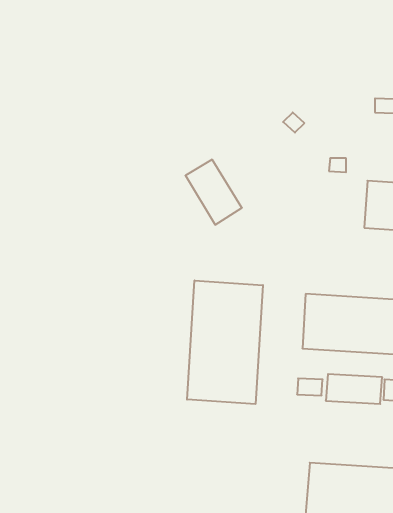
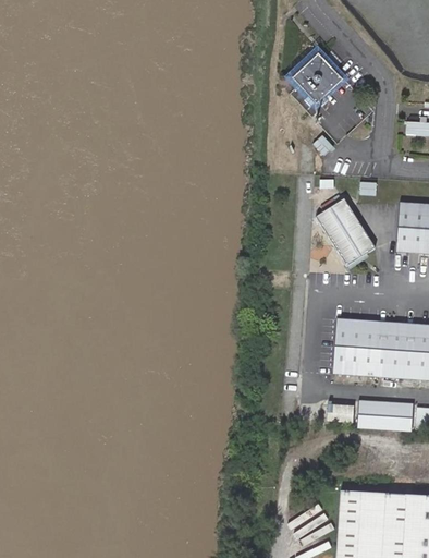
building: none -> [293,50,342,99]
building: [185,160,242,225] -> [316,197,373,264]
building: [187,280,263,404] -> none

